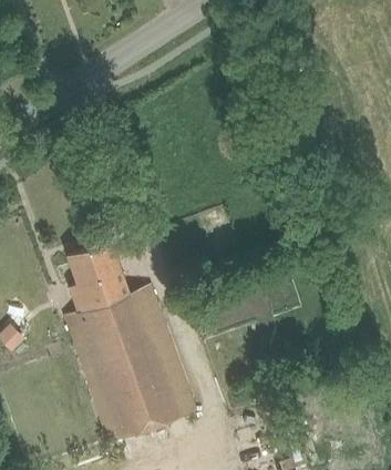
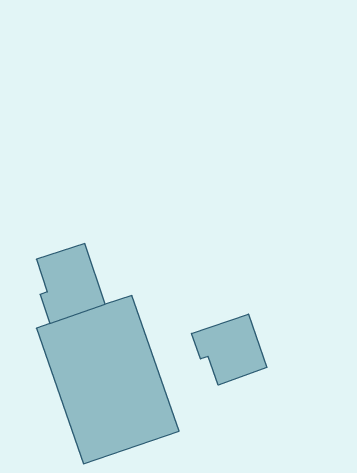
building: none -> [192,314,267,385]

